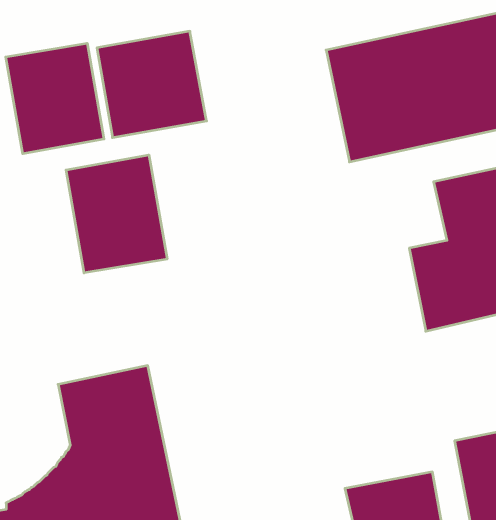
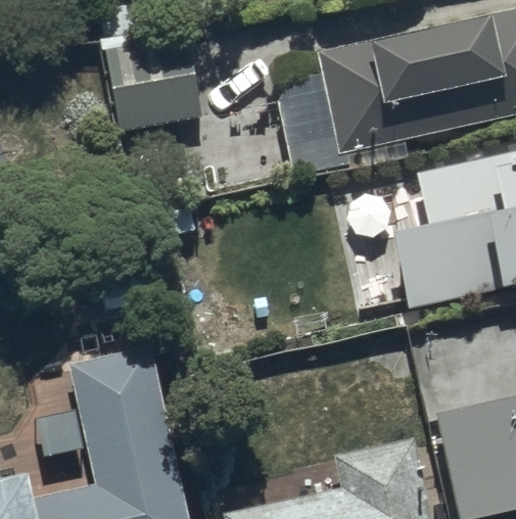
building: [6,43,104,154] -> none
building: [66,155,167,273] -> none

